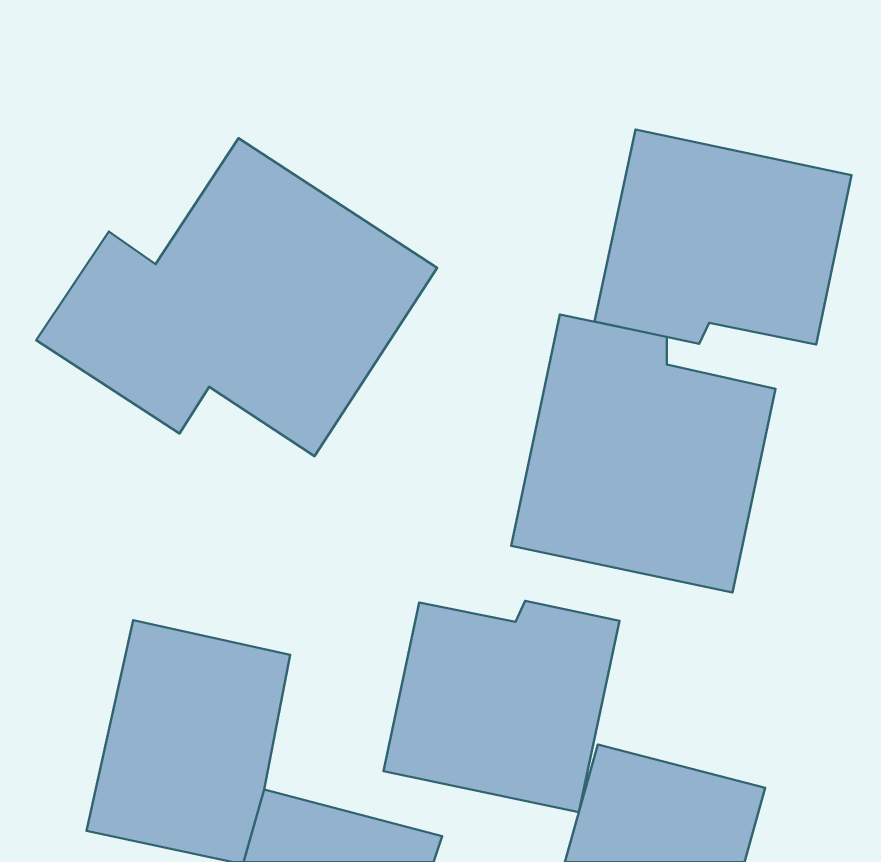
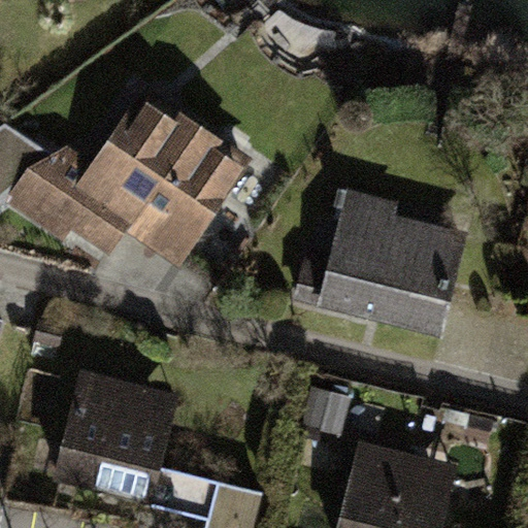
building: [595,130,852,344] -> none
building: [384,601,620,812] -> none

